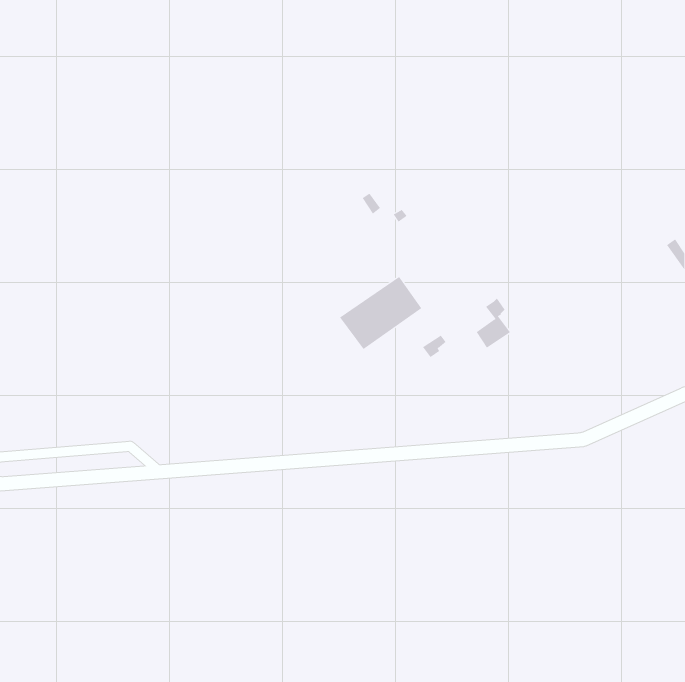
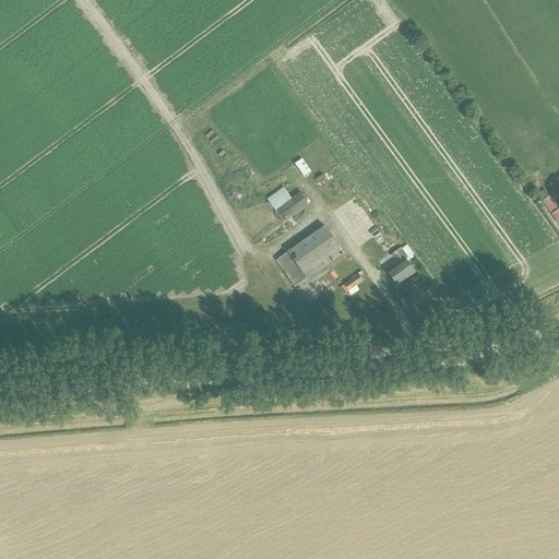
building: none -> [269,187,309,221]

